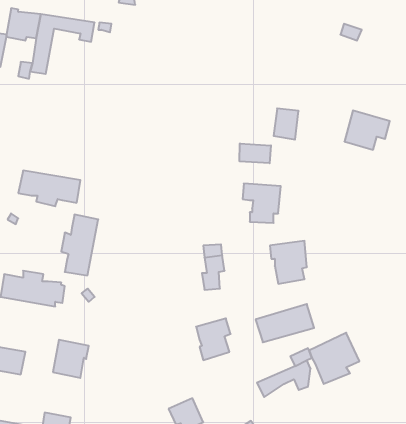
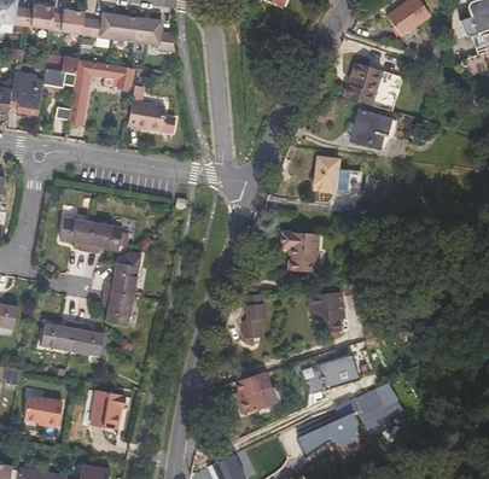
building: none -> [343,64,382,105]
building: none -> [129,84,165,130]
building: [344,110,390,150] -> [353,110,398,150]
building: [240,143,271,163] -> none

